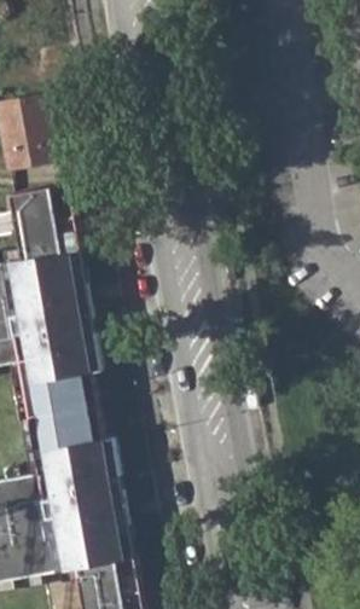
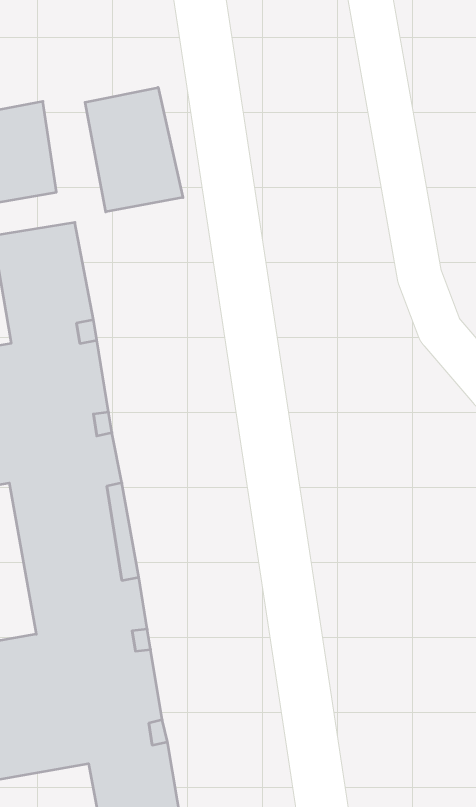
building: none -> [85,87,183,212]

